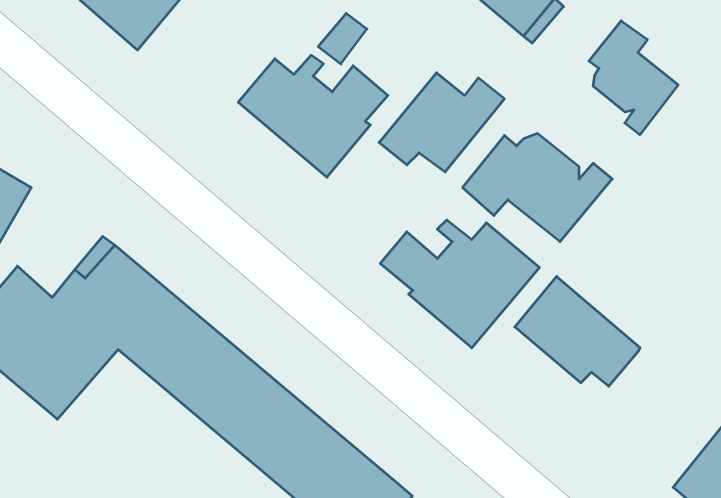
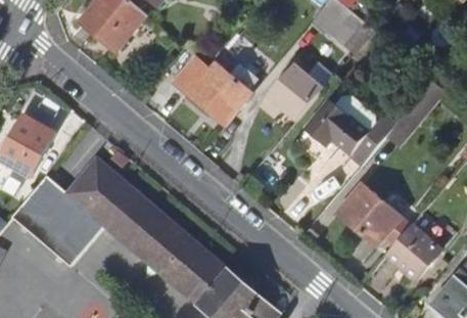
building: [589,21,678,135] -> none
building: [380,220,539,348] -> none
building: none -> [386,227,439,280]

